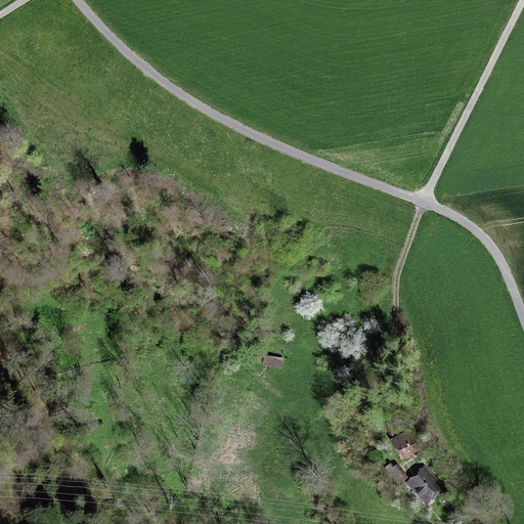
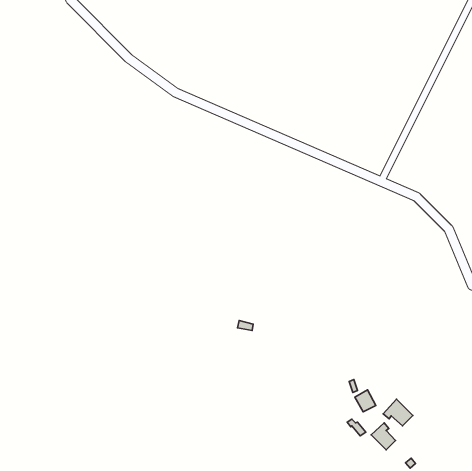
building: none -> [383,399,413,426]

